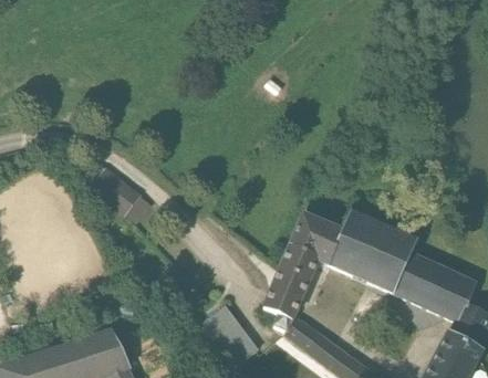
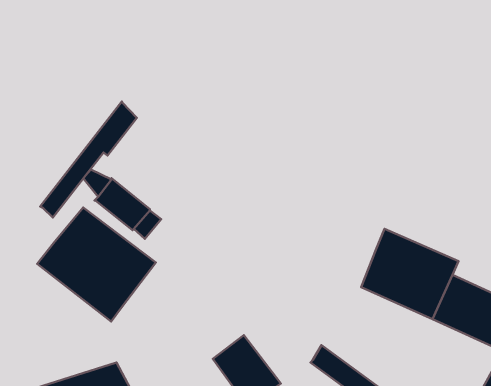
building: none -> [40,101,137,218]
building: none -> [37,207,156,321]
building: [261,213,341,328] -> none

